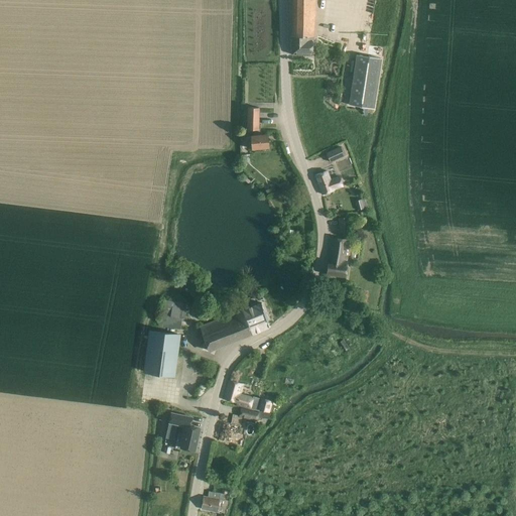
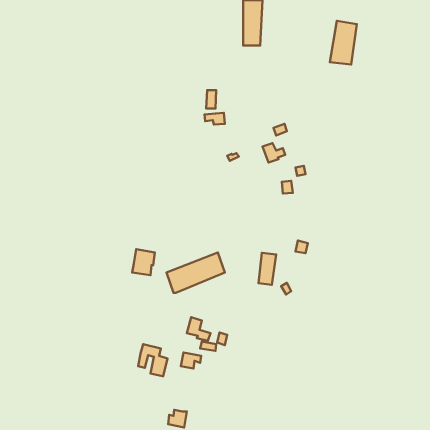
building: [349,55,381,108] -> [330,21,357,65]
building: [327,238,348,276] -> [258,253,276,285]
building: [144,332,179,376] -> none

